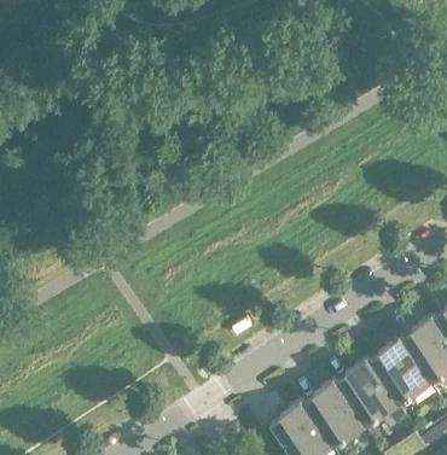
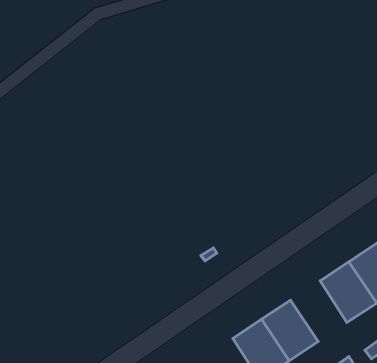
building: [333,360,397,428] -> none

